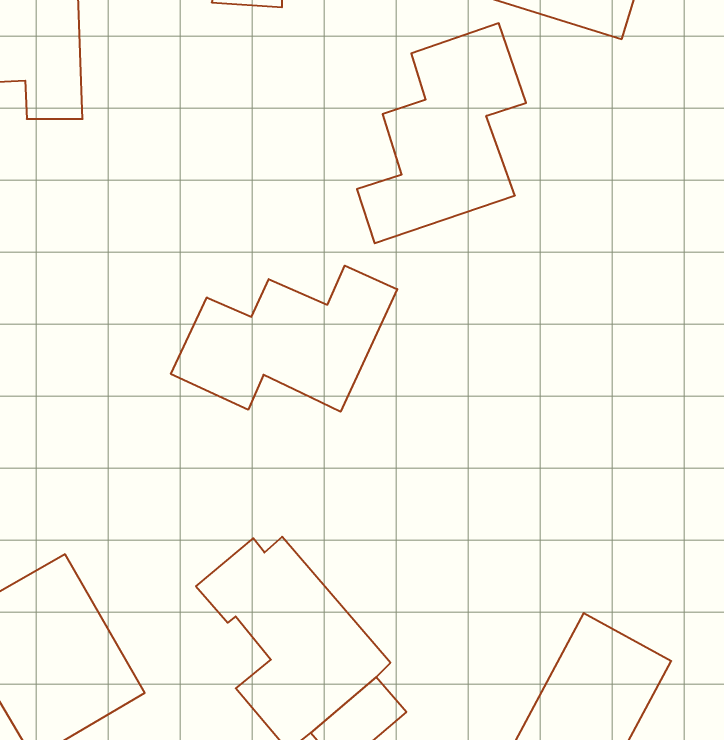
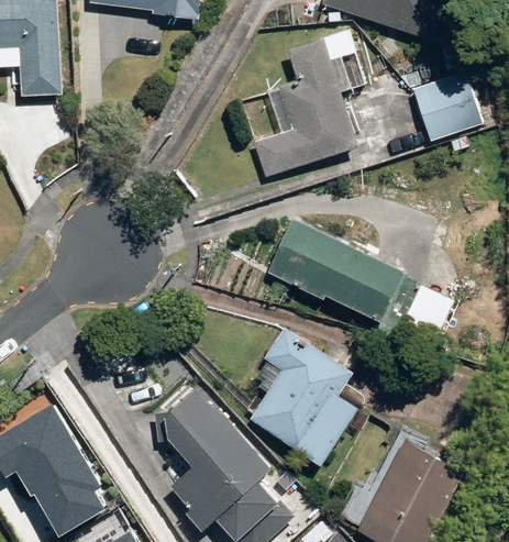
building: none -> [411,81,460,141]
building: [171,266,397,412] -> none
building: none -> [268,214,414,319]
building: none -> [252,322,359,465]

